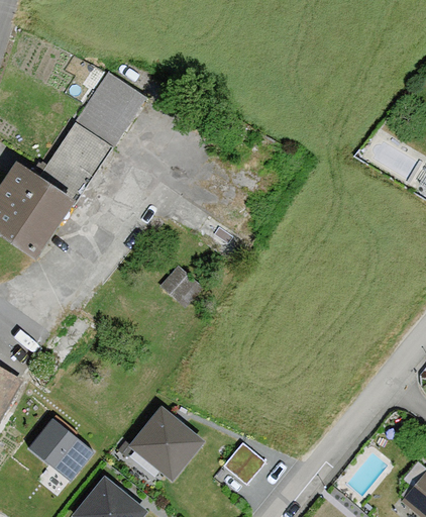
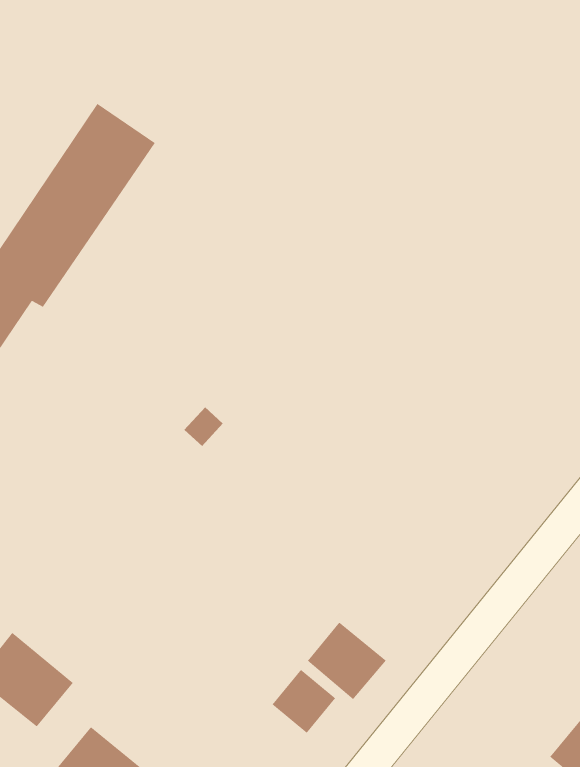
building: [132,410,201,478] -> none
building: none -> [307,621,387,700]

